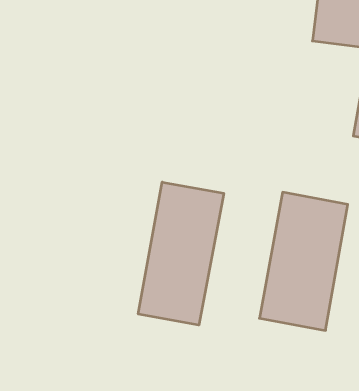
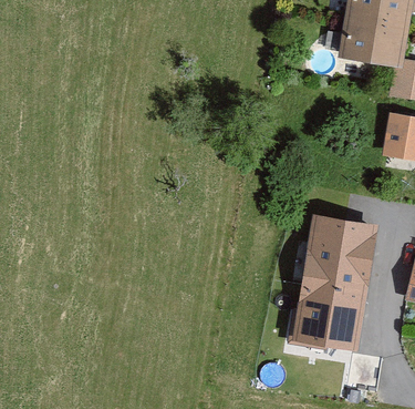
building: [138,182,224,325] -> none

